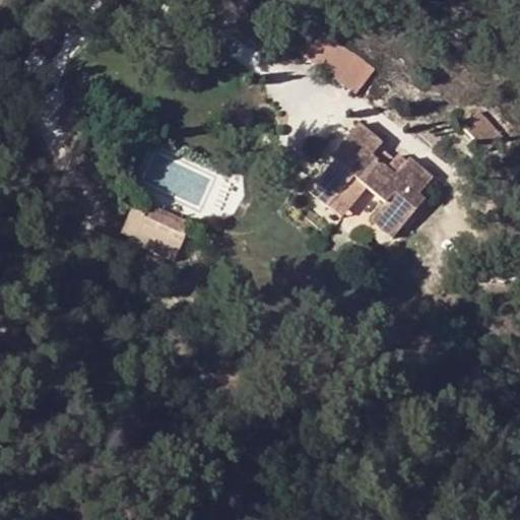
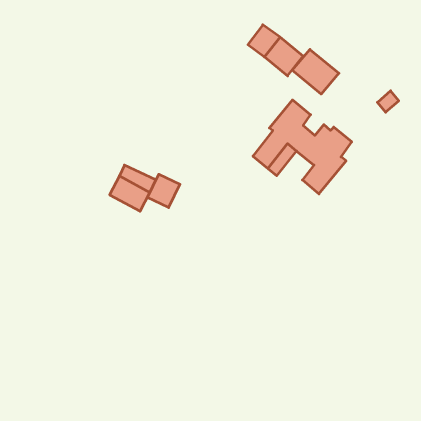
building: none -> [292,49,339,94]
building: none -> [147,174,180,208]

